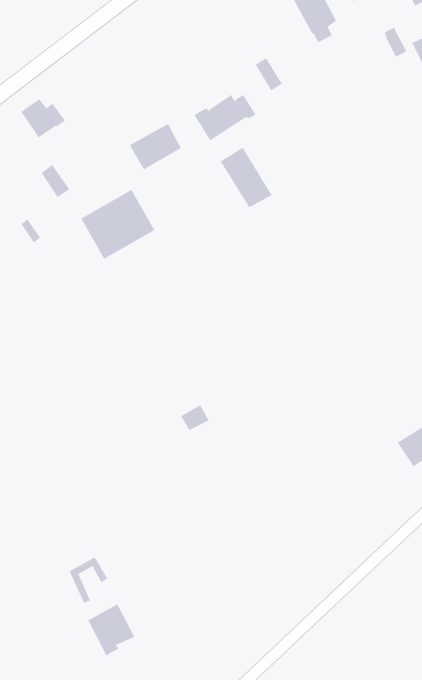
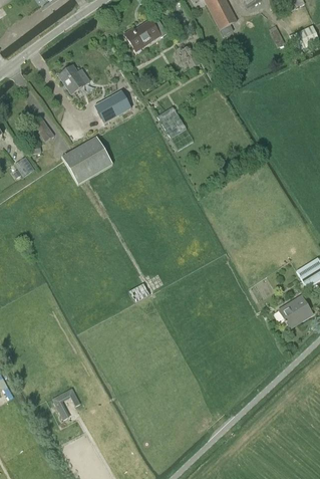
building: [194,94,257,141] -> [124,19,168,51]
building: [20,99,66,138] -> [59,65,90,92]
building: [87,604,135,656] -> none

